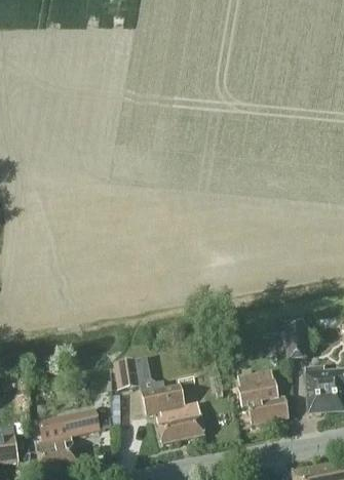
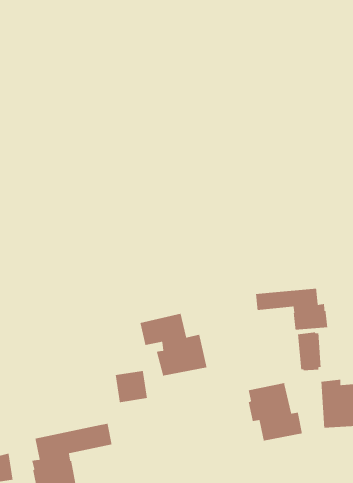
building: none -> [255,288,328,331]
building: [140,384,203,443] -> [139,313,208,377]

